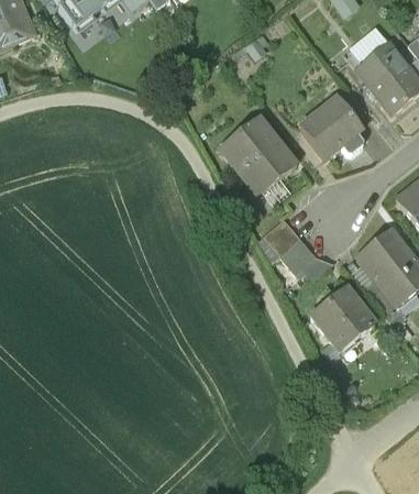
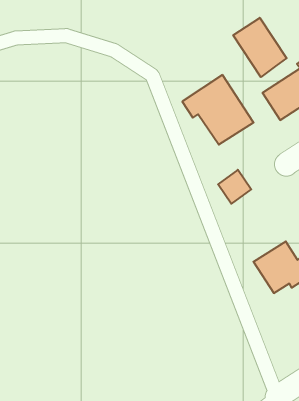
building: none -> [233,18,287,77]
building: [282,237,318,272] -> none

